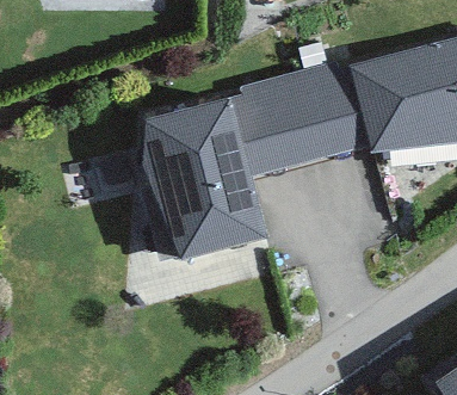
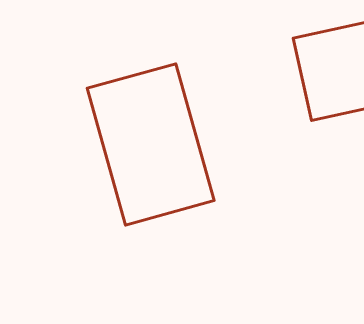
building: [241,58,369,171] -> none

